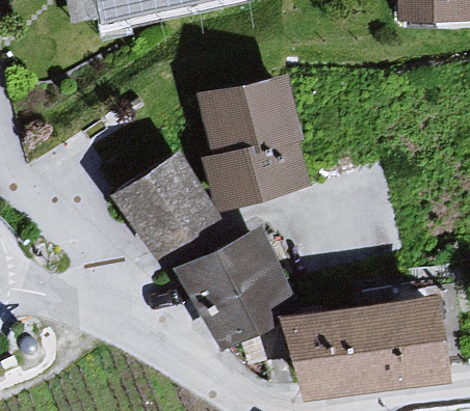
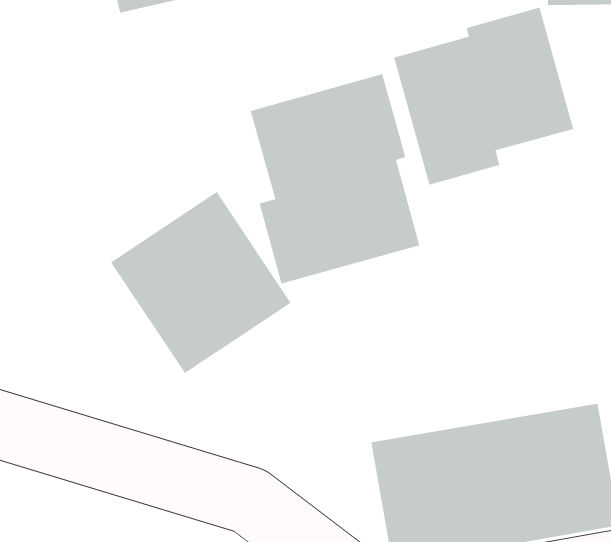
building: none -> [394,7,574,186]
building: [175,227,295,340] -> none

